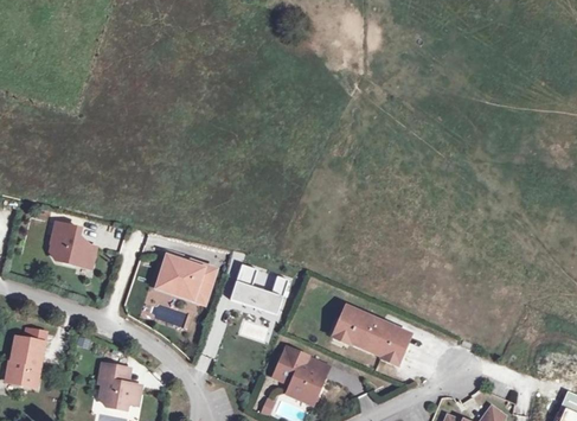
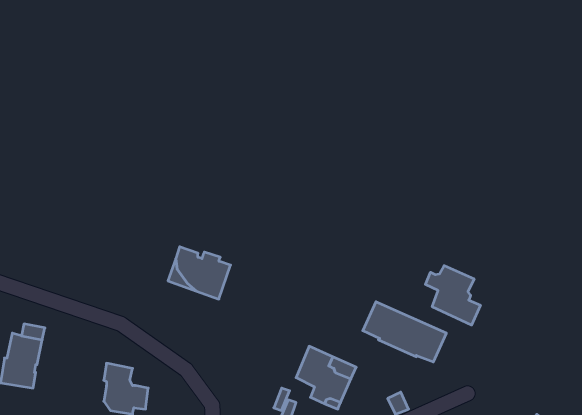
building: [51,221,96,263] -> none
building: [231,266,288,317] -> none
building: none -> [425,266,480,325]

